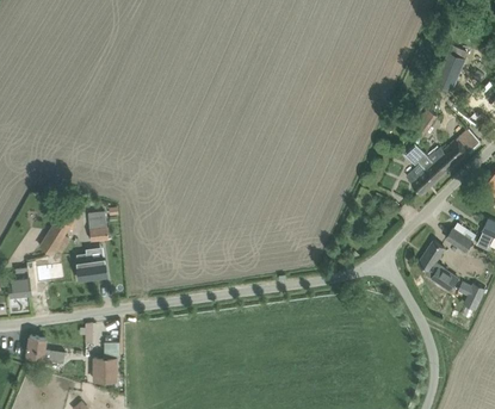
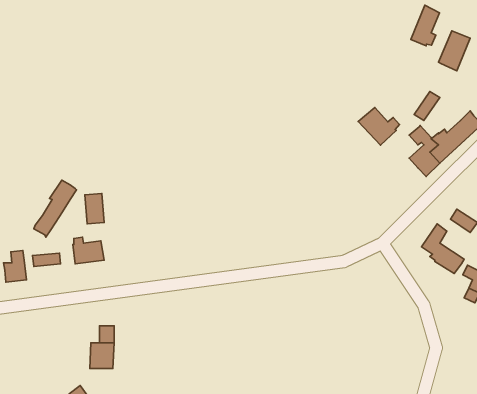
building: none -> [411,5,440,46]
building: none -> [358,108,399,145]
building: [26,335,64,362] -> none

